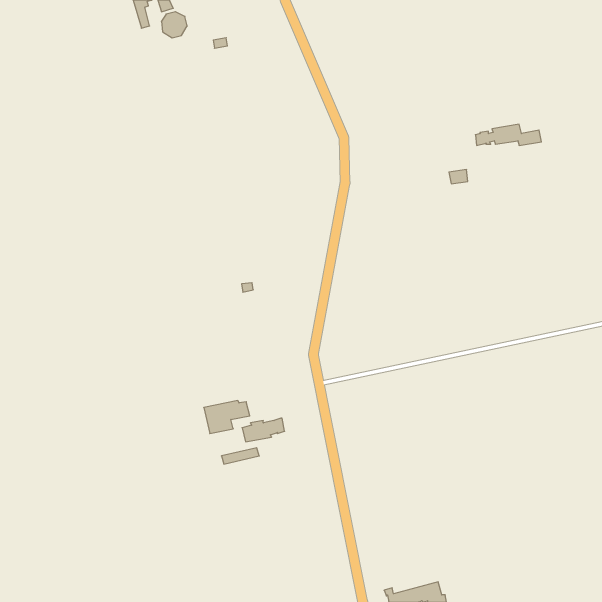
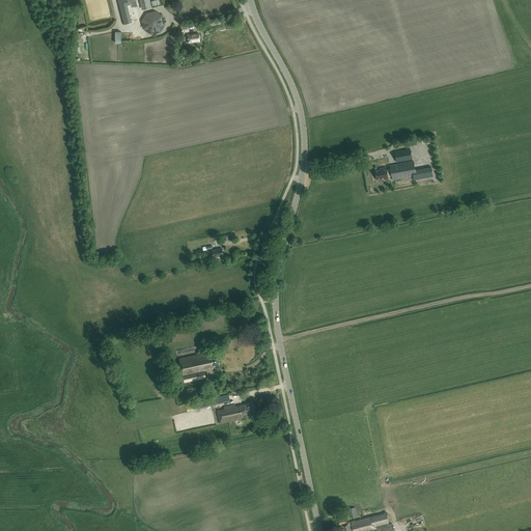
building: [475,124,541,145] -> [375,162,434,180]
building: [242,418,285,442] -> [217,402,254,423]

